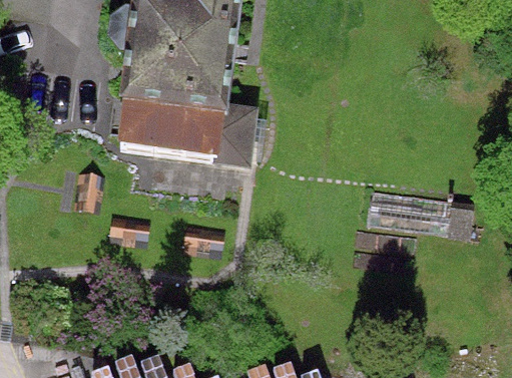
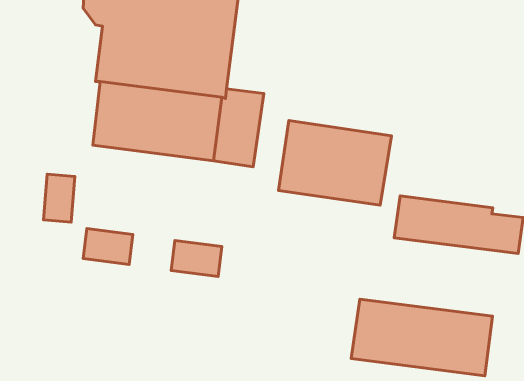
building: none -> [279,121,391,205]
building: none -> [351,299,493,376]

